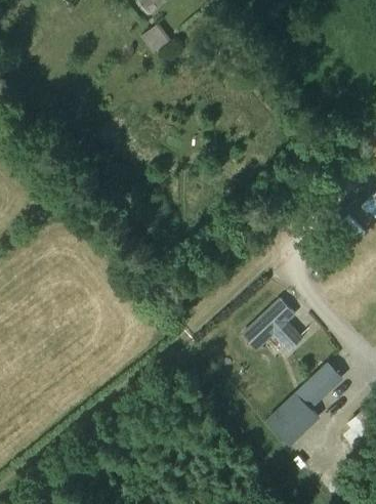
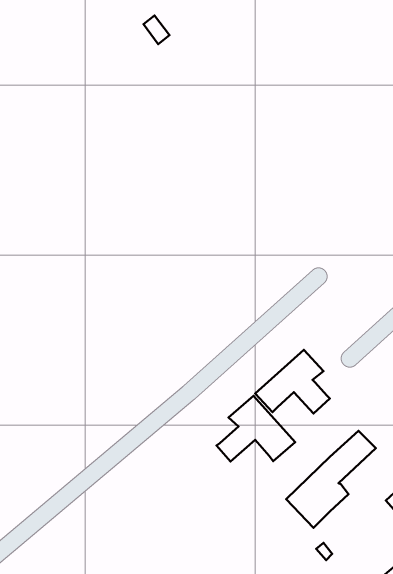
building: none -> [217,396,295,461]

